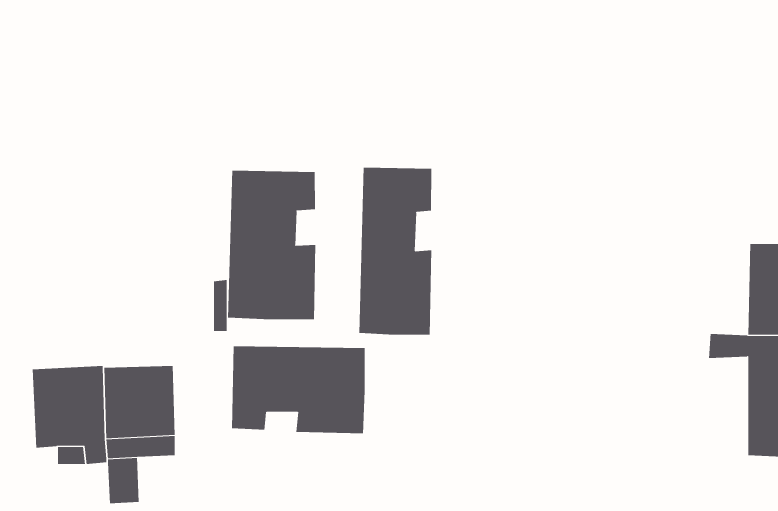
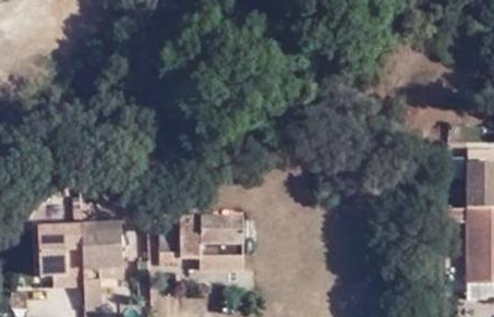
building: [359,167,432,335] -> none
building: [227,170,316,320] -> none

